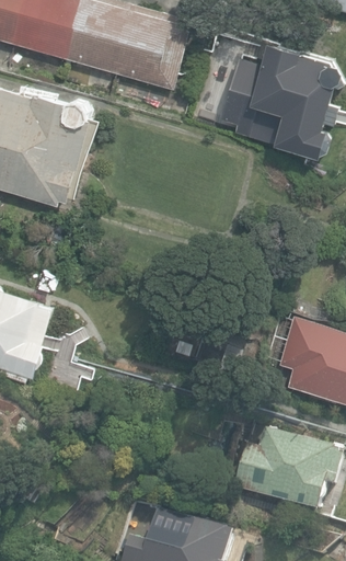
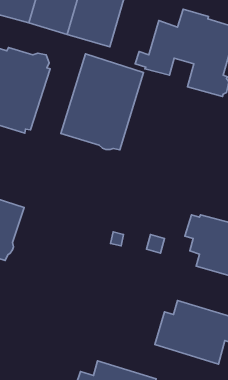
building: none -> [61,54,144,150]

